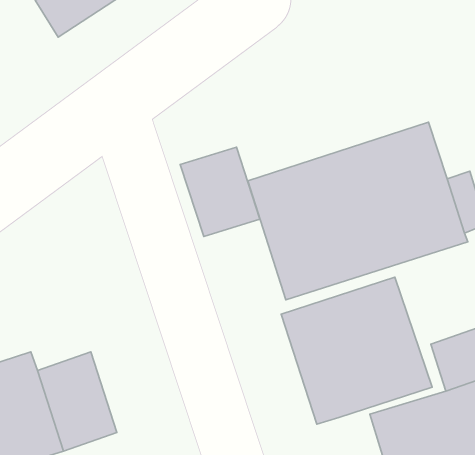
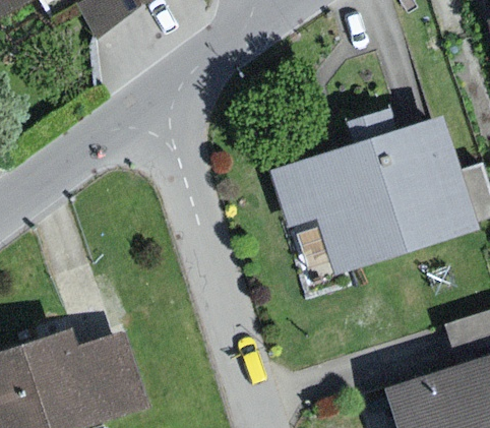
building: [180,147,260,236] -> none
building: [281,277,432,424] -> none

